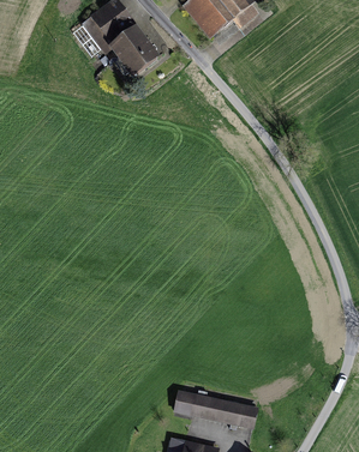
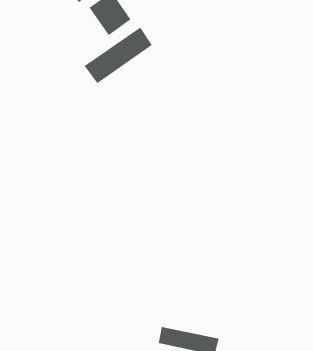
building: none -> [84,27,153,84]

